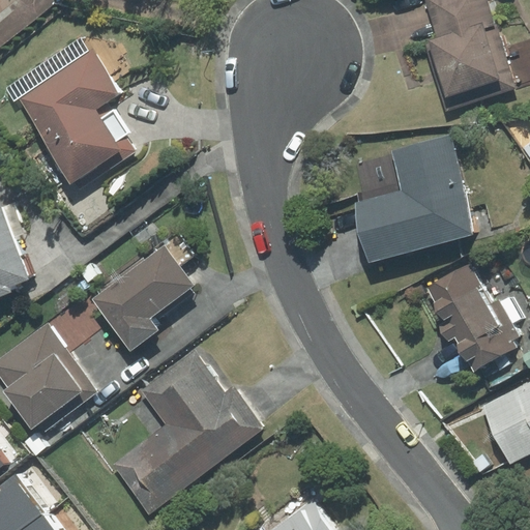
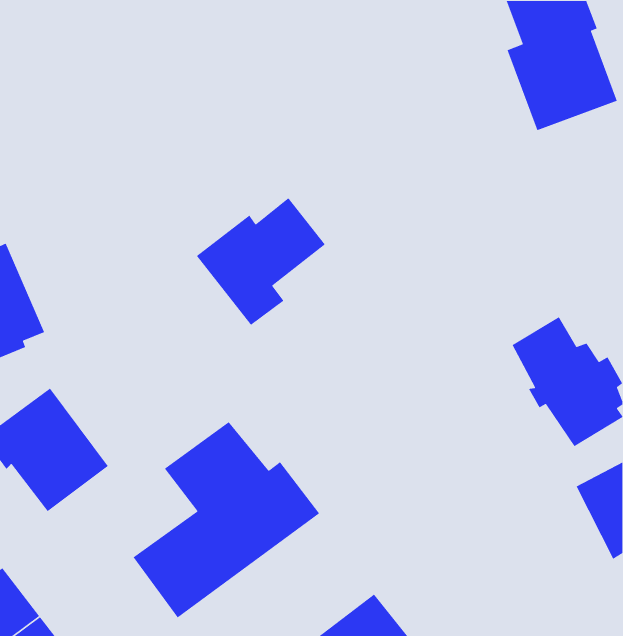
building: [18,50,128,182] -> none
building: [357,134,478,263] -> none
building: [93,242,201,349] -> [196,197,326,326]

